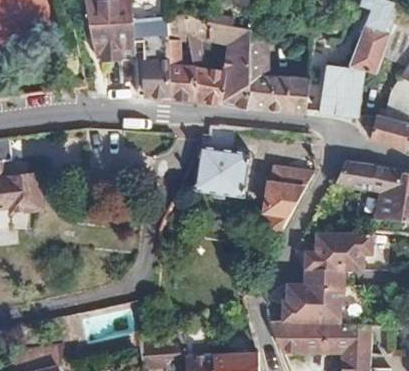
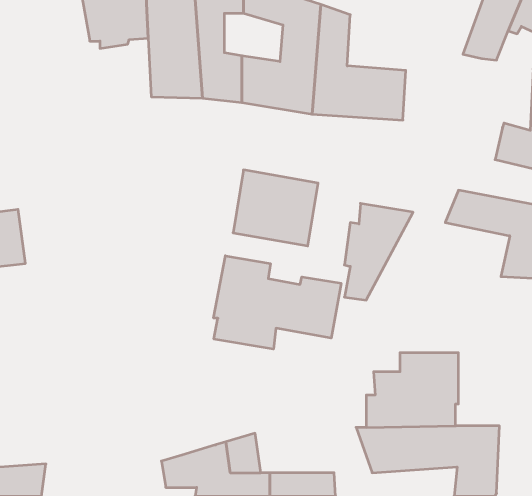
building: [319,64,360,116] -> none
building: none -> [214,256,341,349]
building: [303,232,374,271] -> none

